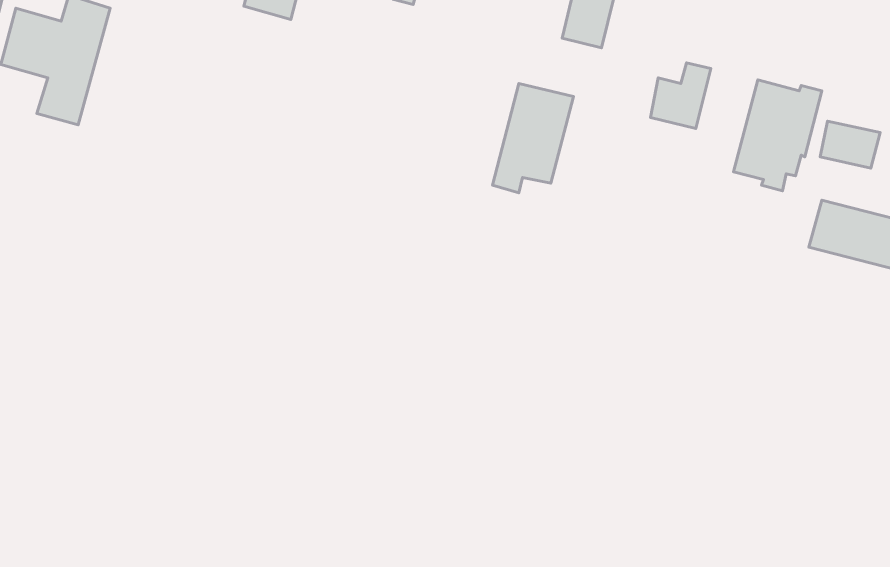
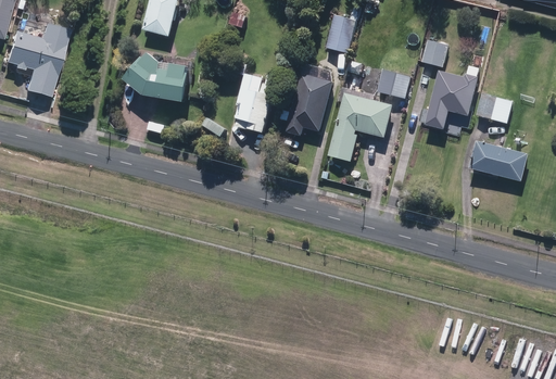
building: none -> [420,39,446,67]
building: none -> [127,53,189,101]
building: none -> [235,74,274,131]
building: none -> [327,86,392,161]

